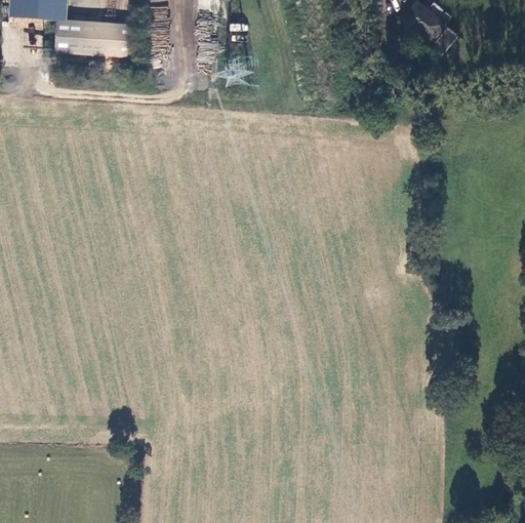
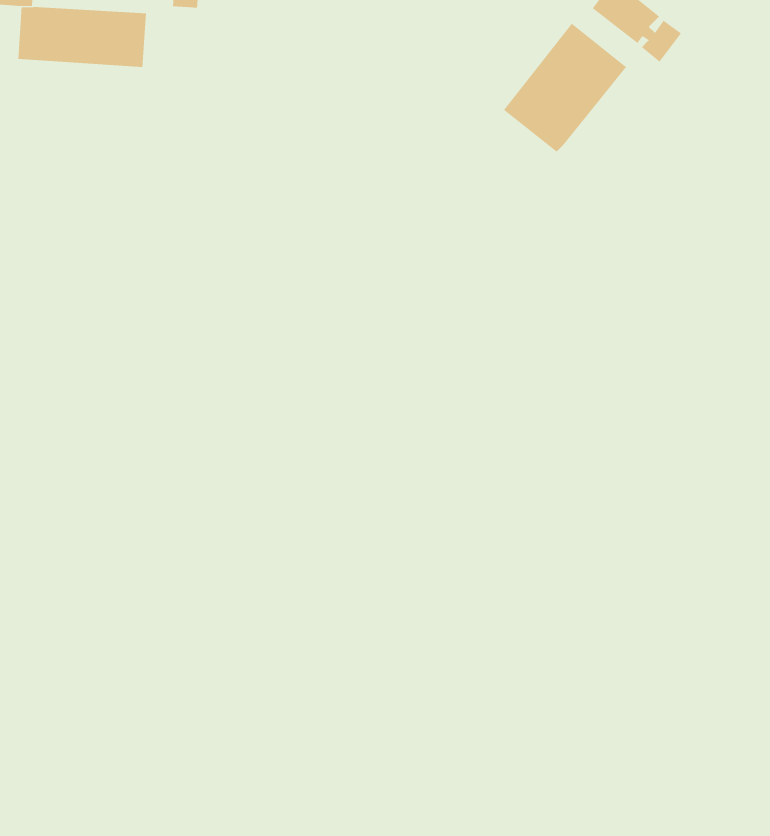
building: none -> [503,23,627,153]

